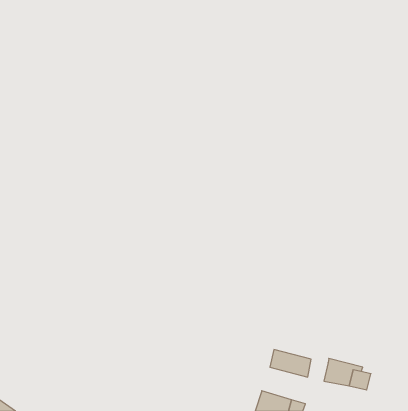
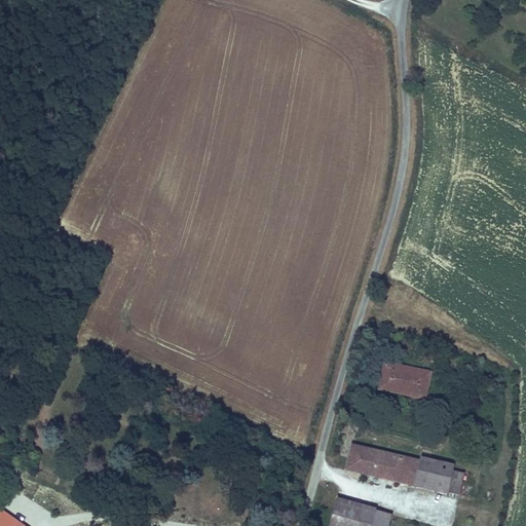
building: none -> [379,363,430,397]
building: none -> [391,456,417,484]

